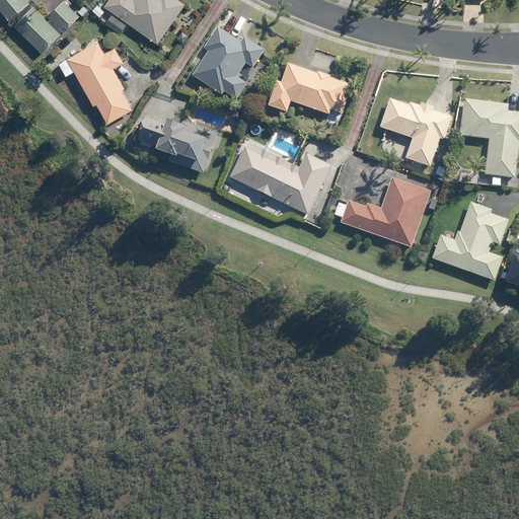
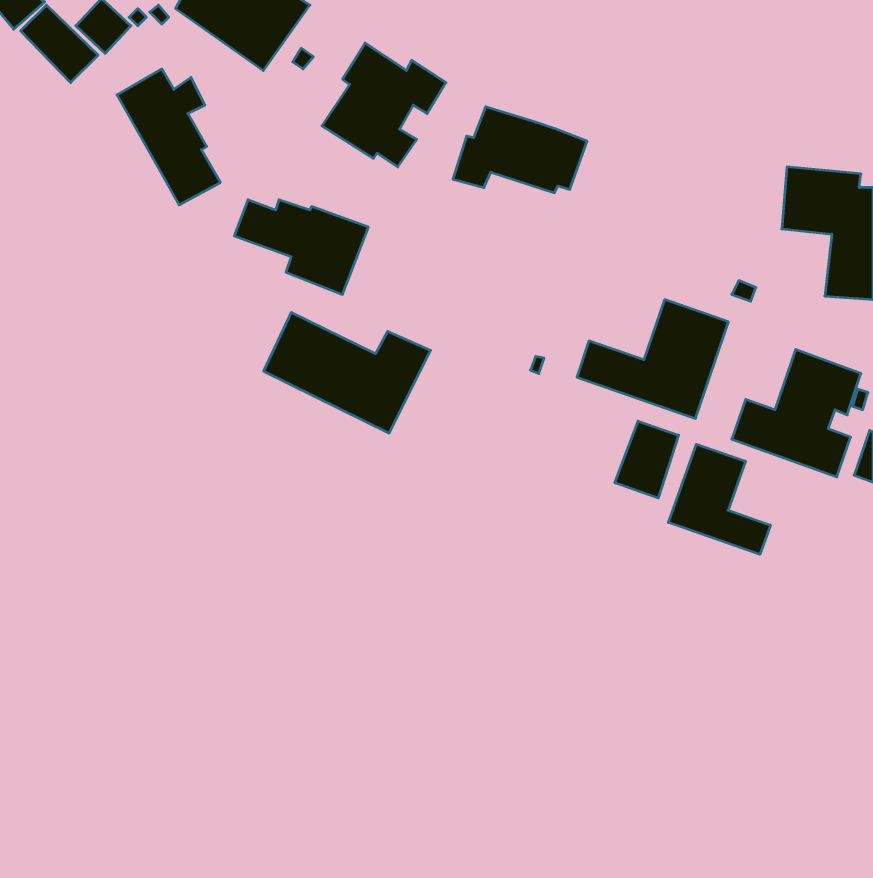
building: [379,98,445,166] -> none
building: [232,143,330,214] -> [264,313,431,433]
building: none -> [615,421,679,498]
building: none -> [668,444,770,554]

